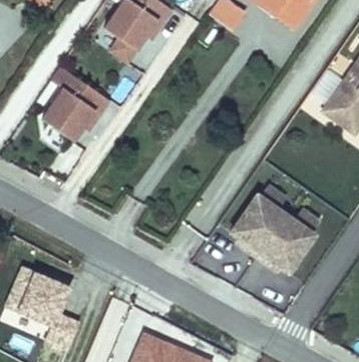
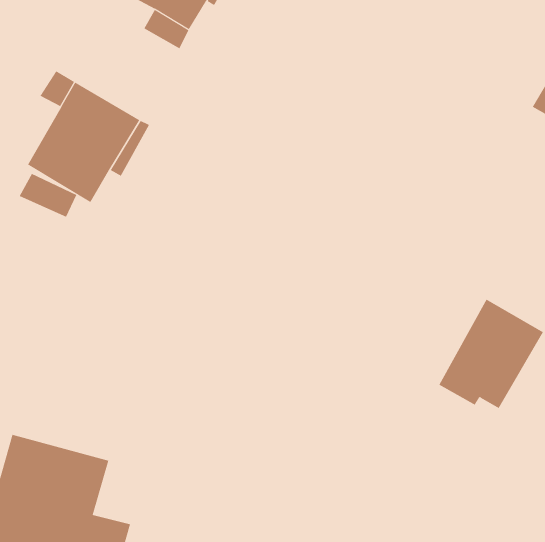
building: [229,192,287,258] -> none

